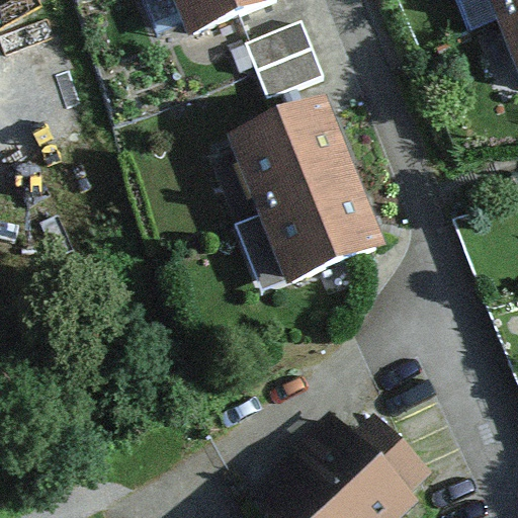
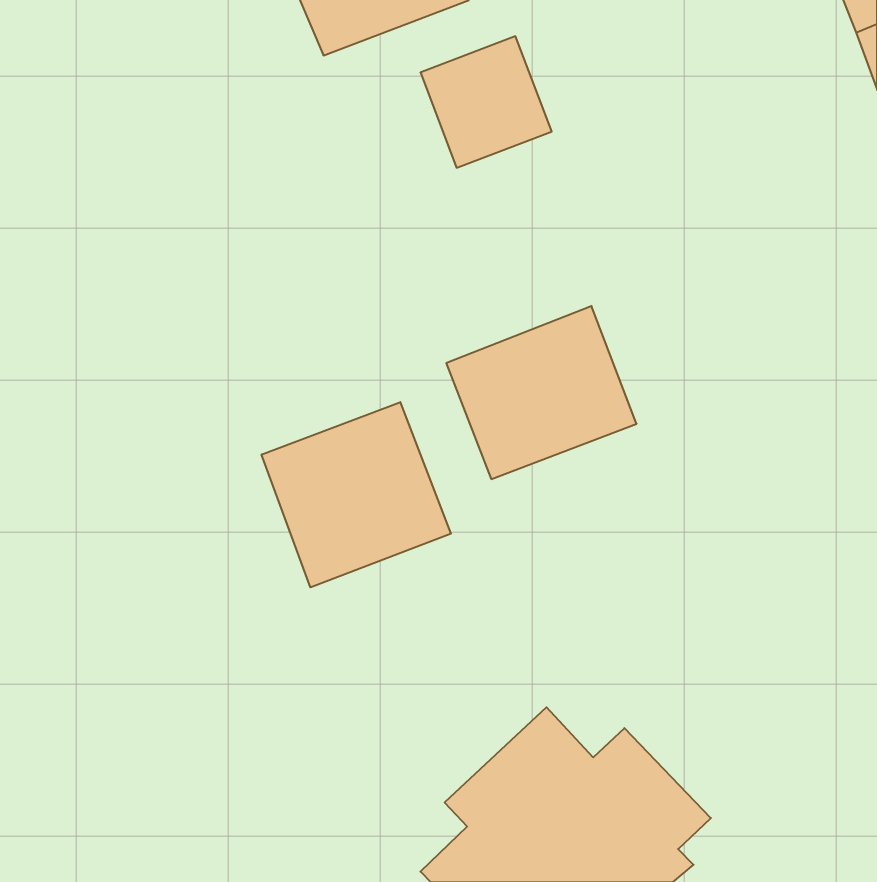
building: [235,111,346,212] -> none
building: none -> [262,402,451,587]

